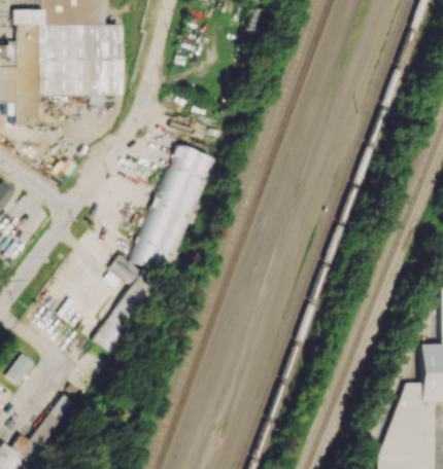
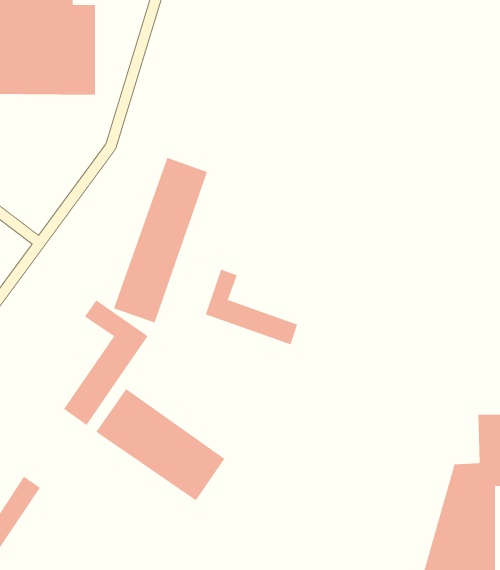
building: none -> [205,269,298,345]
building: none -> [95,388,225,501]

